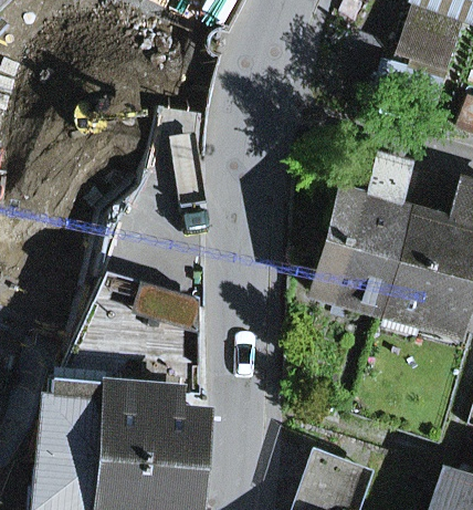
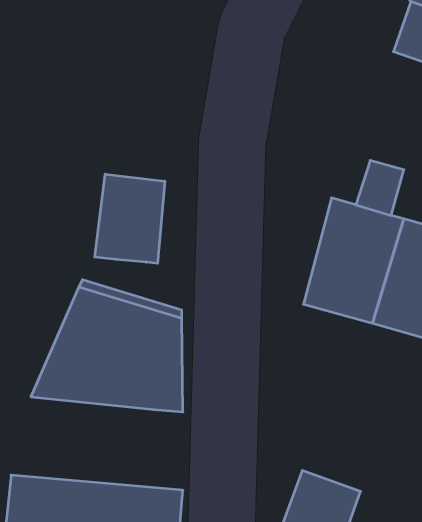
building: none -> [95,174,165,263]
building: [40,382,207,470] -> none

